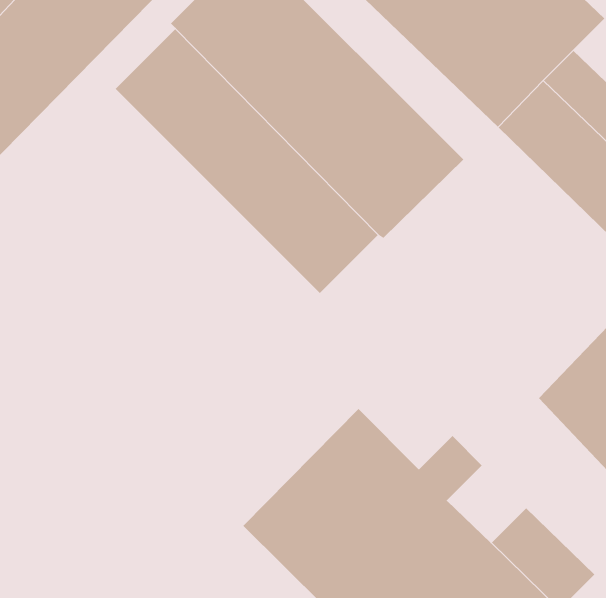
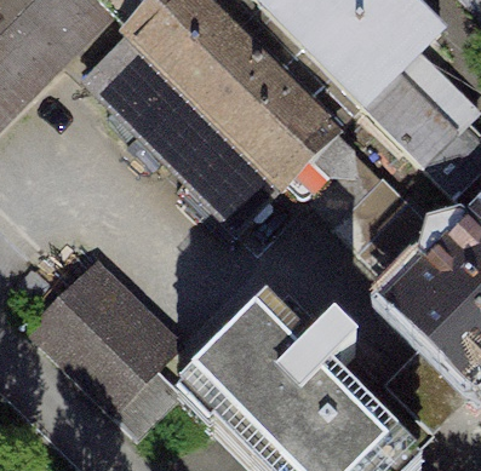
building: none -> [27,264,188,424]

